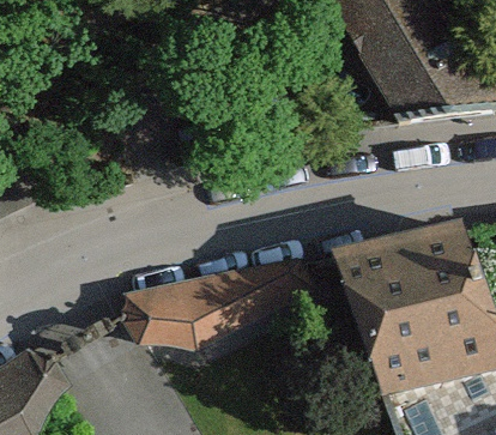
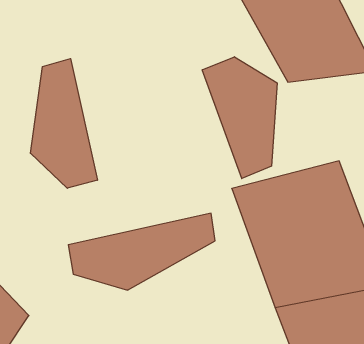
building: none -> [202,57,277,179]
building: none -> [30,59,97,188]

